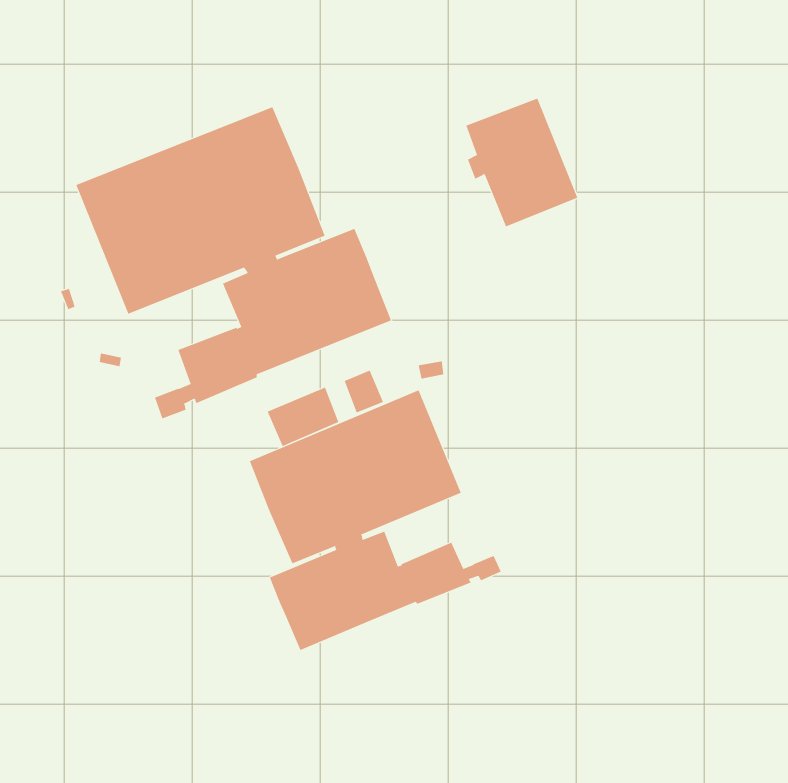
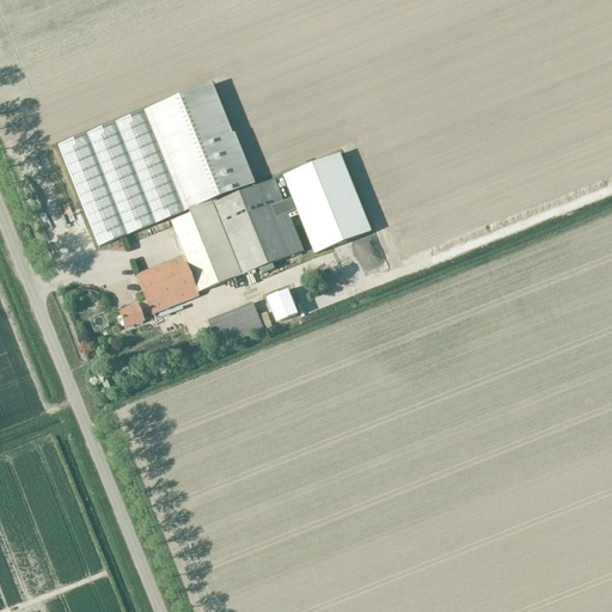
building: [466,98,578,227] -> [283,152,371,252]
building: [249,390,502,651] -> none

